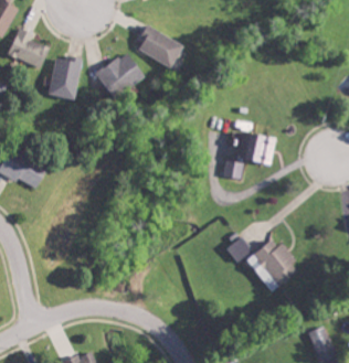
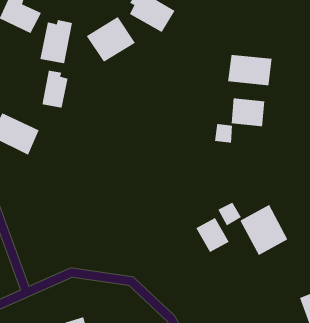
building: none -> [228,54,272,86]
building: none -> [42,70,68,108]
building: none -> [196,217,230,253]

